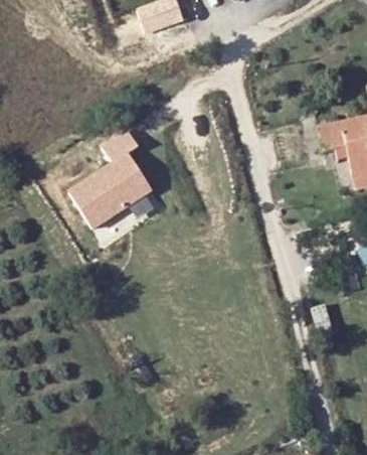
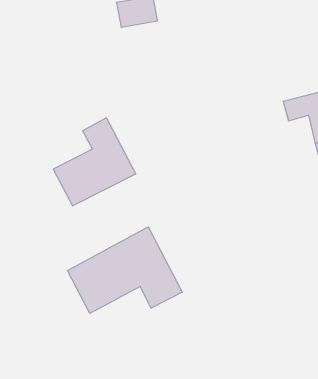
building: none -> [67,227,182,313]

